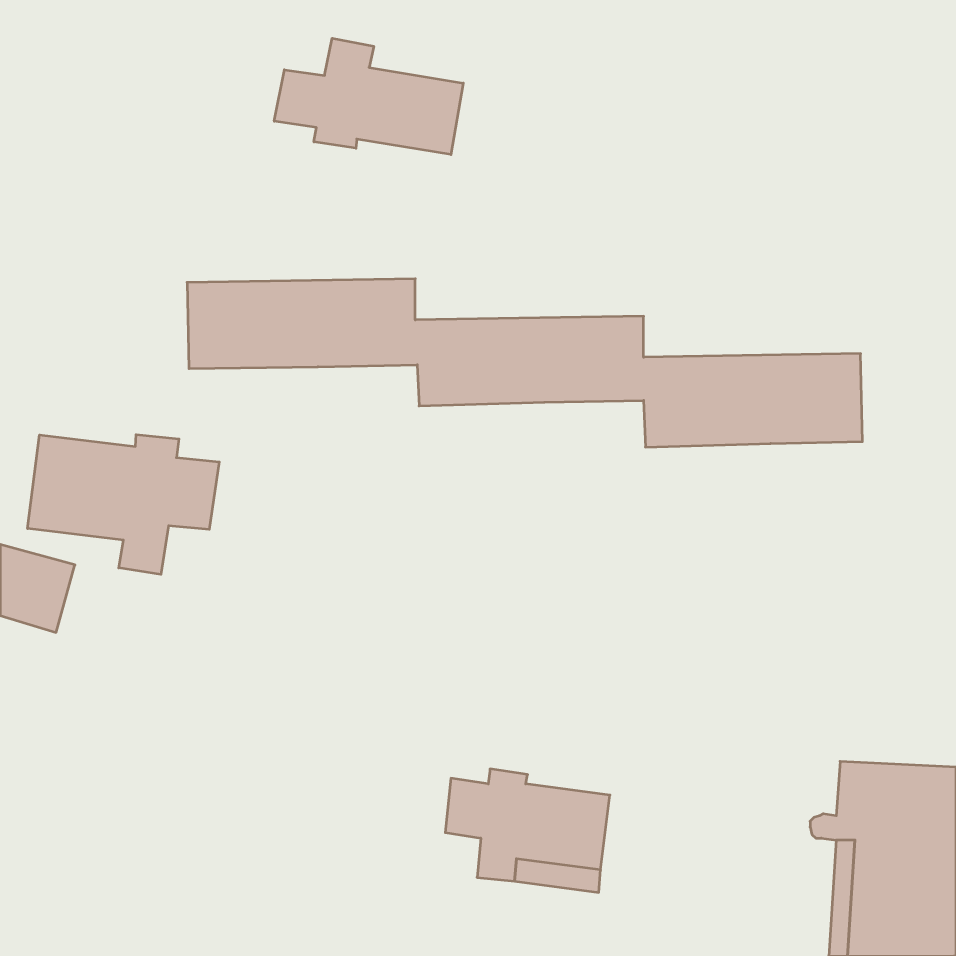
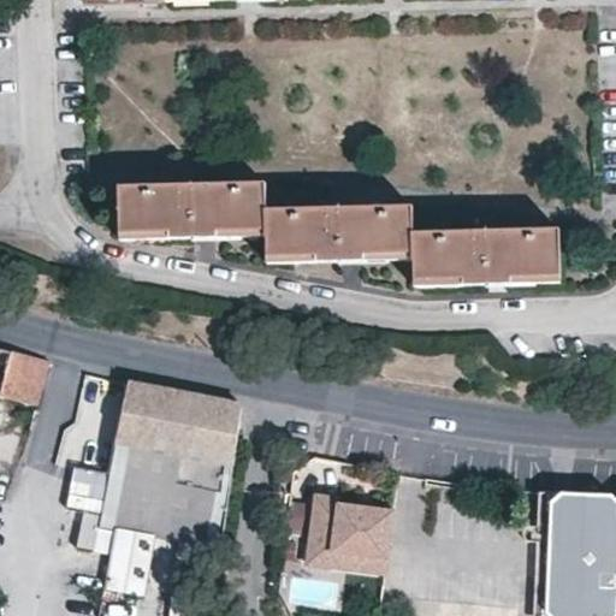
building: [274,38,463,155] -> none
building: [28,435,219,574] -> none
building: none -> [65,381,241,600]

